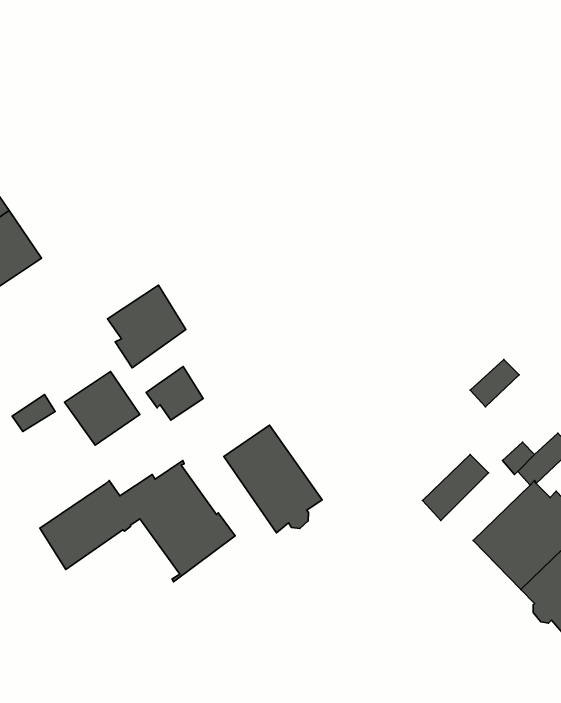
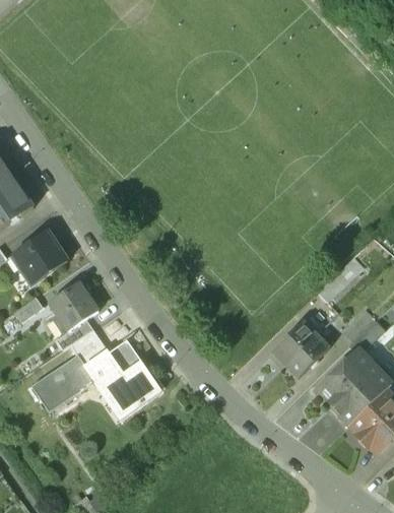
building: [108,285,186,368] -> [13,229,65,283]
building: [146,366,203,420] -> [68,326,106,362]
building: [224,425,322,533] -> none
building: none -> [271,321,316,365]

